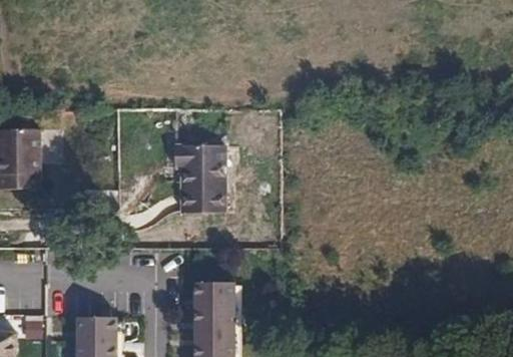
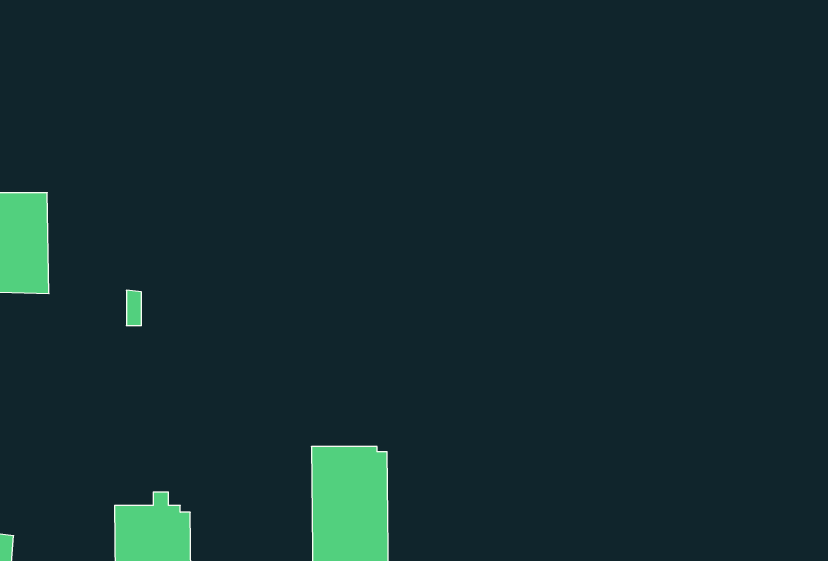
building: [171,146,221,213] -> none

